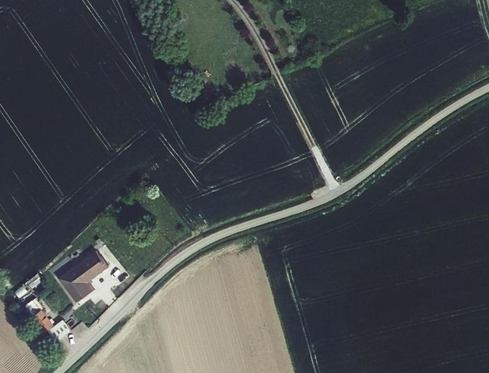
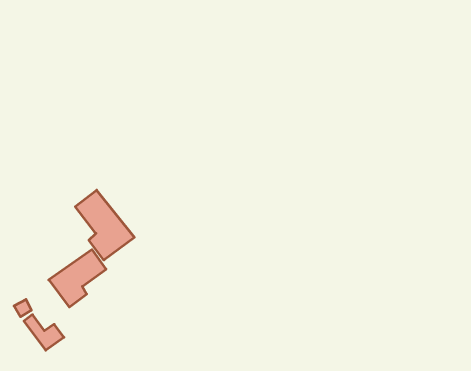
building: none -> [75,190,134,260]

